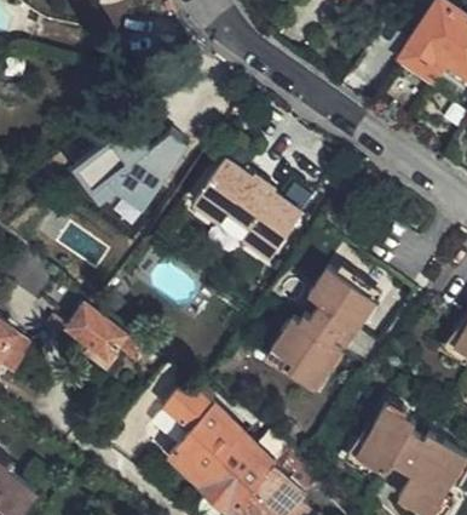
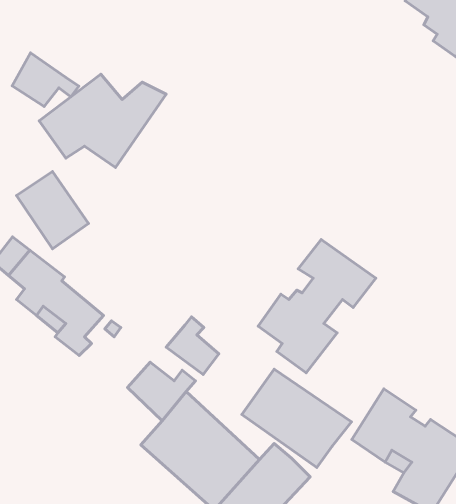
building: none -> [12,53,79,107]
building: [192,153,304,254] -> none
building: none -> [166,317,219,374]
building: none -> [242,369,351,468]

